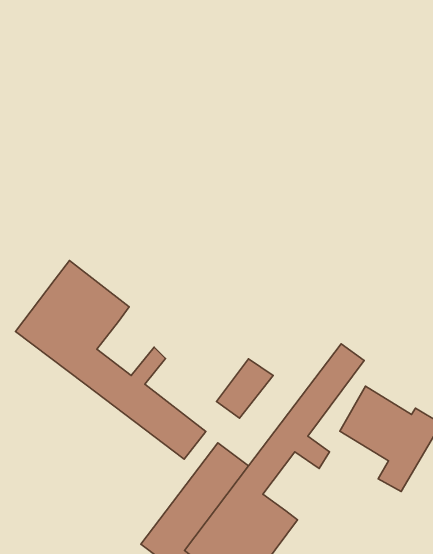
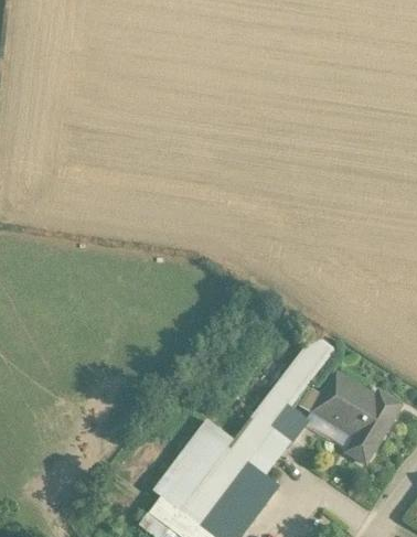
building: [16,260,206,459] -> none
building: [217,359,273,418] -> [246,429,295,480]

